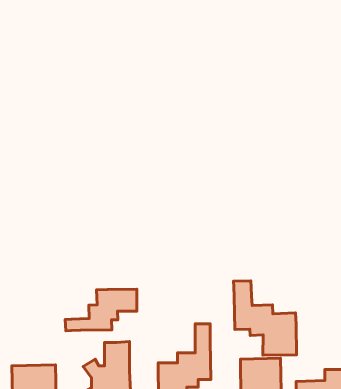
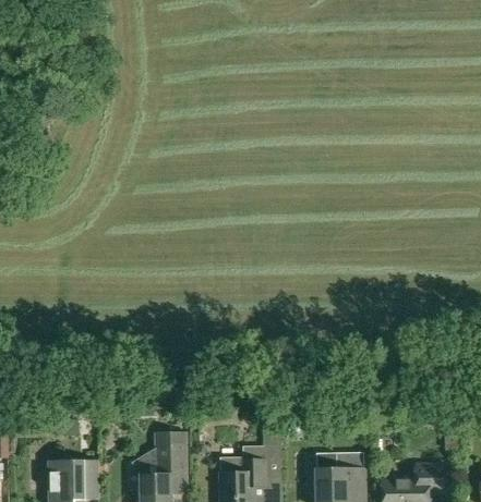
building: [234,281,296,355] -> none
building: [65,289,137,331] -> none

